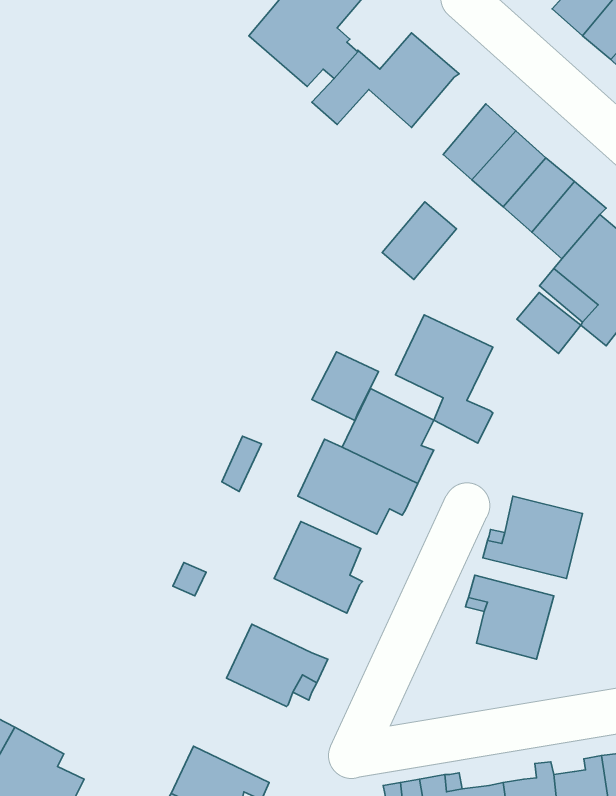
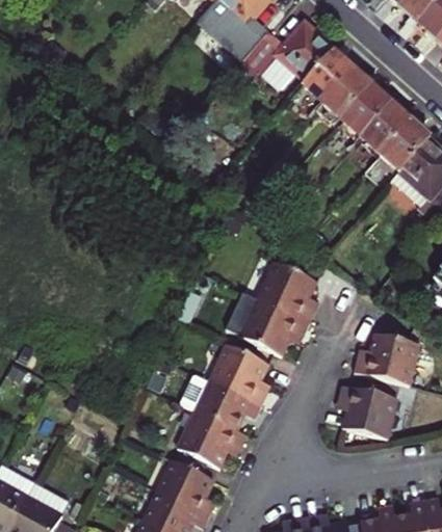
building: [382,202,456,279] -> [303,52,352,103]
building: [517,292,581,354] -> none
building: [396,315,493,443] -> none
building: [312,352,378,421] -> none
building: none -> [179,373,260,430]
building: none -> [159,460,216,515]

